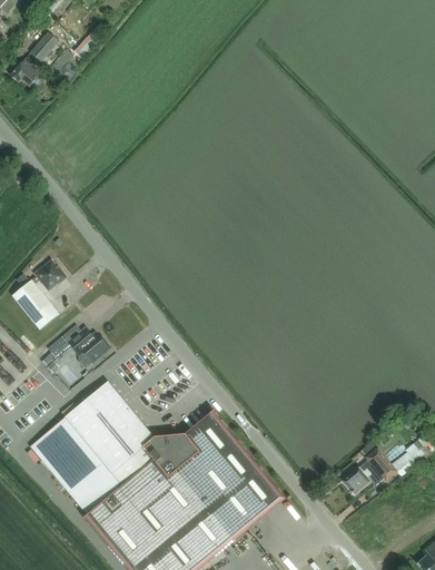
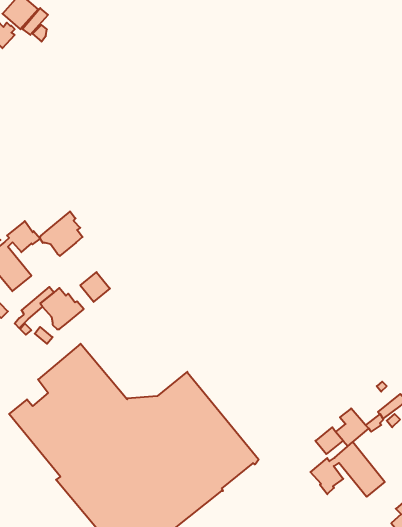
building: none -> [40,211,83,256]
building: none -> [80,272,110,302]
building: none -> [310,442,385,497]

